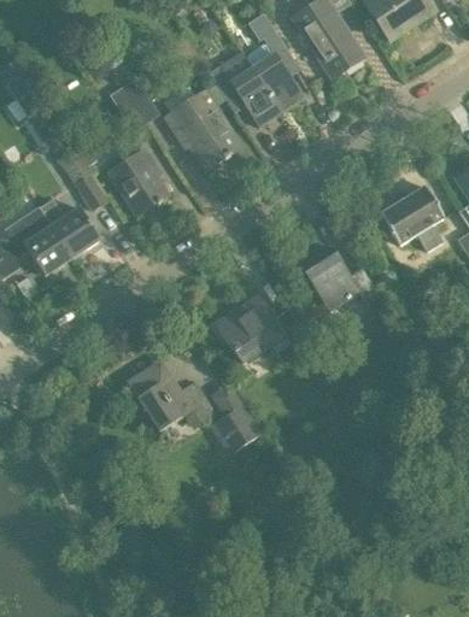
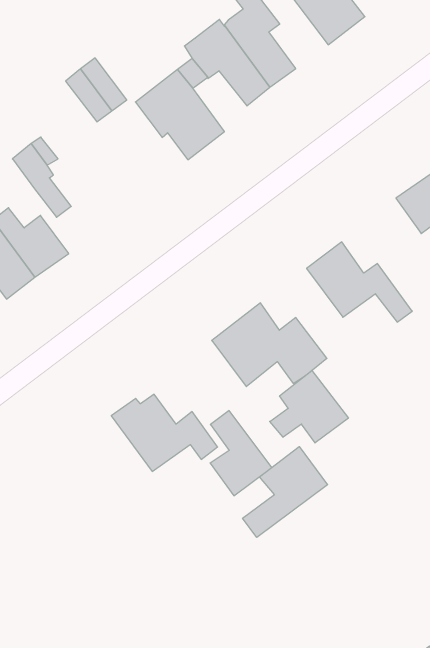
building: [109,147,170,216] -> none
building: none -> [270,370,348,443]
building: none -> [243,447,328,537]

